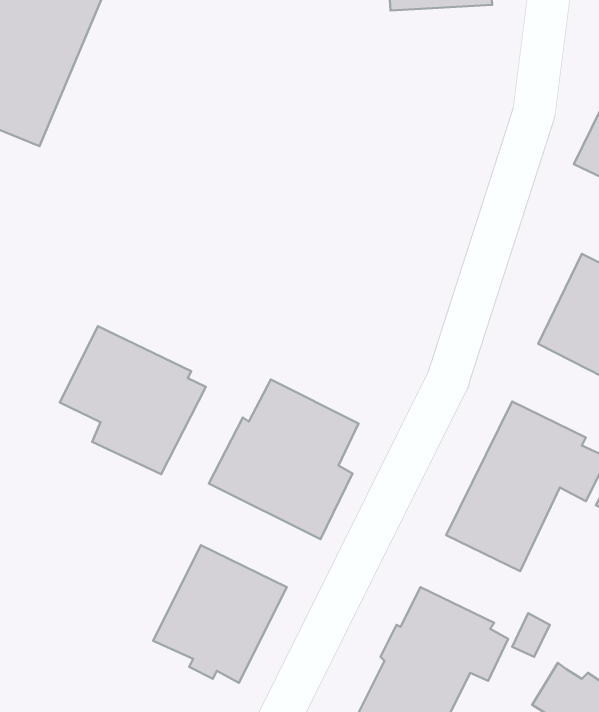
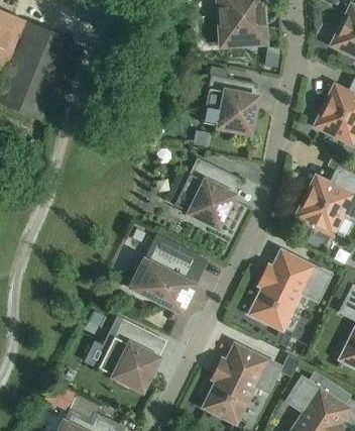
building: none -> [202,75,260,136]
building: none -> [164,157,238,231]
building: [60,326,206,474] -> none

